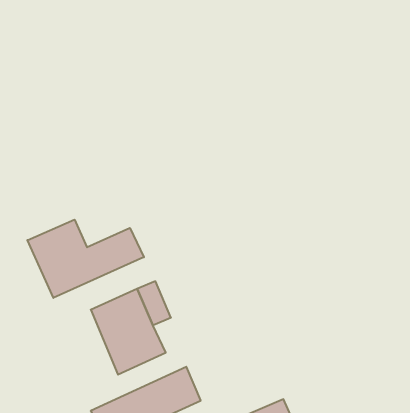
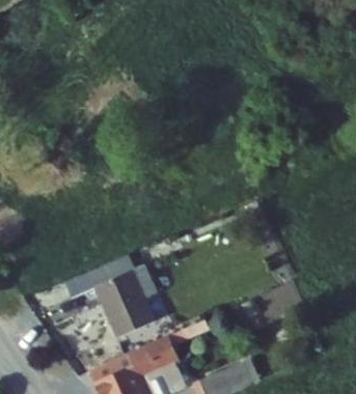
building: [27,220,144,298] -> none

